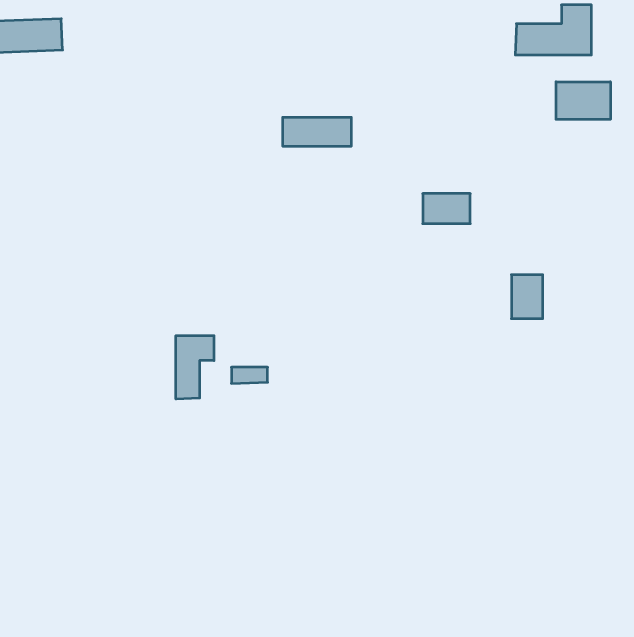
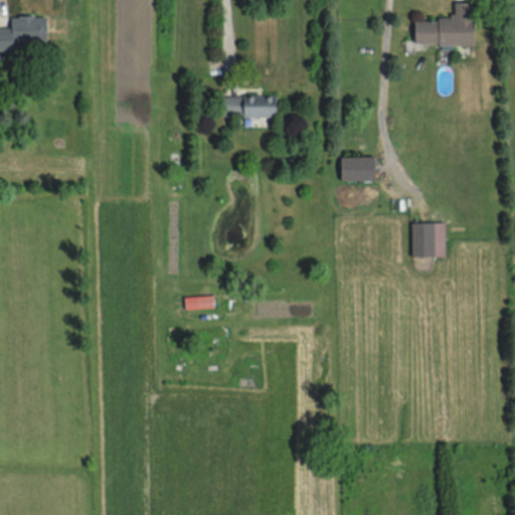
building: [556,82,610,119] -> none
building: [176,336,214,399] -> none

